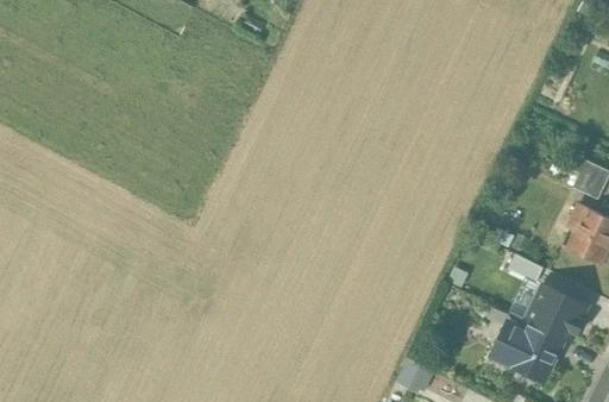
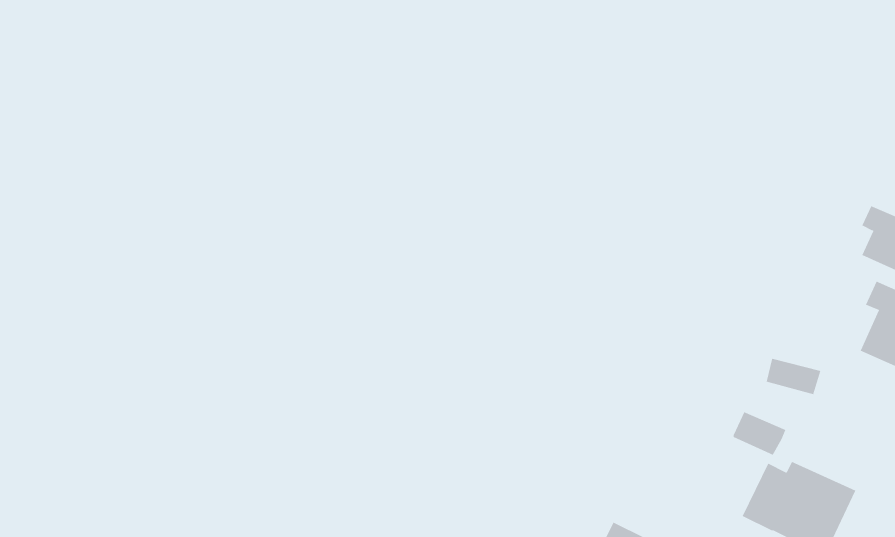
building: [523,283,583,339] -> none

